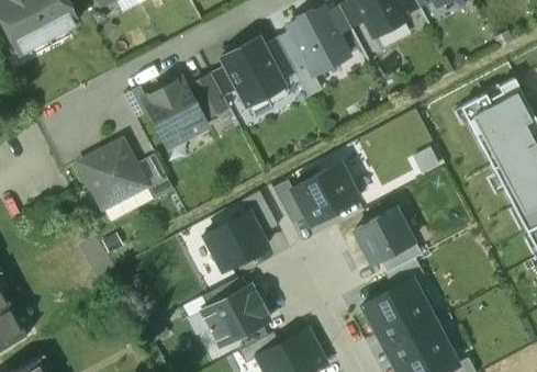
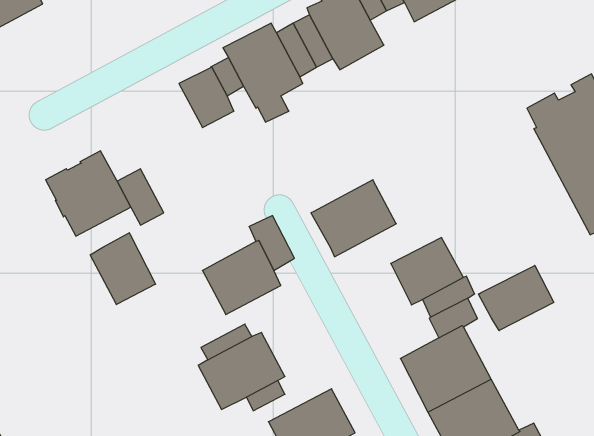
building: [143,78,208,147] -> none
building: [273,179,306,224] -> none
building: none -> [90,233,156,305]
building: none -> [478,265,554,331]

